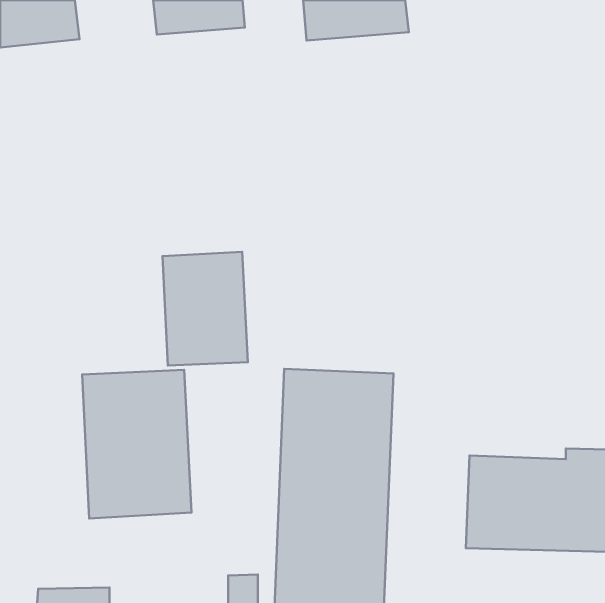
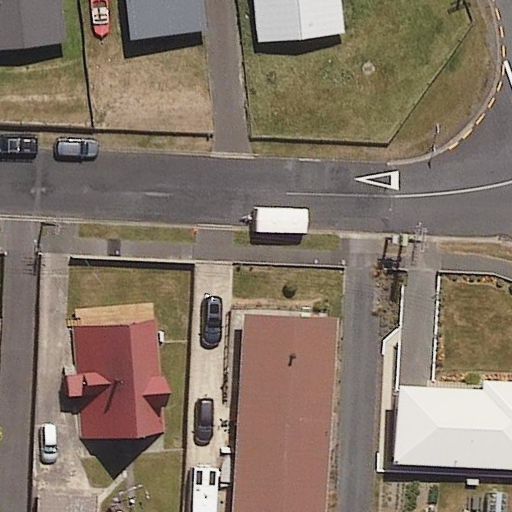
building: [162,252,248,366] -> none

